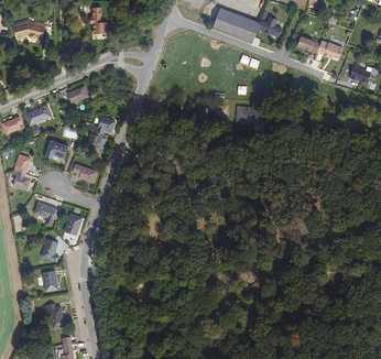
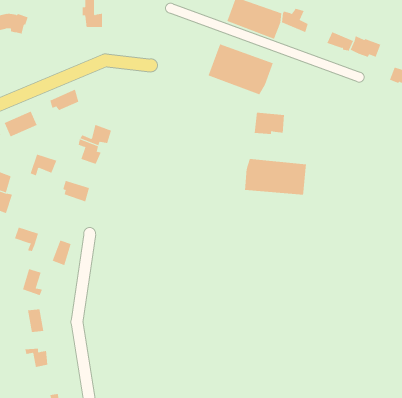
building: none -> [208,44,273,95]
building: none -> [245,158,307,195]

